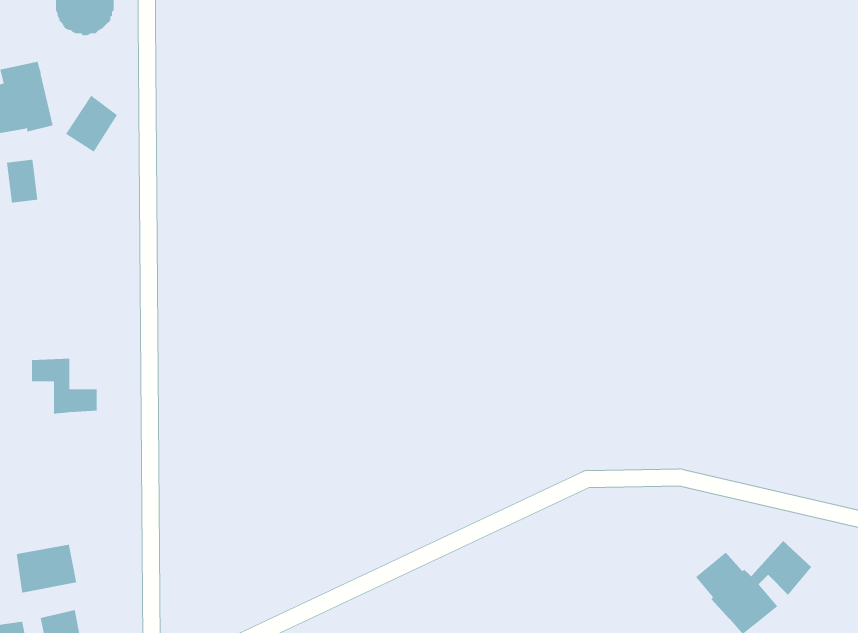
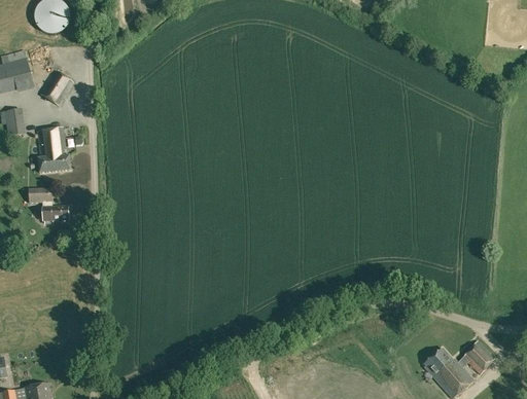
building: none -> [38,128,70,172]
building: [31,358,97,414] -> [28,187,68,221]
building: [16,544,77,593] -> none

